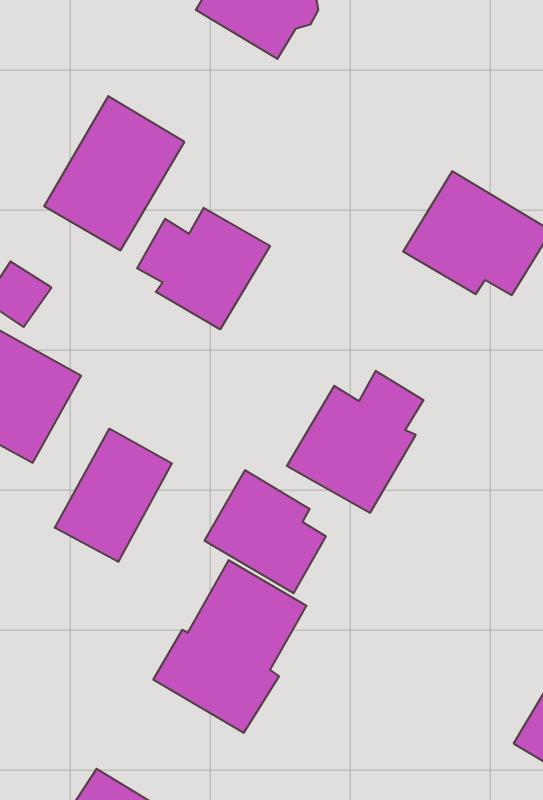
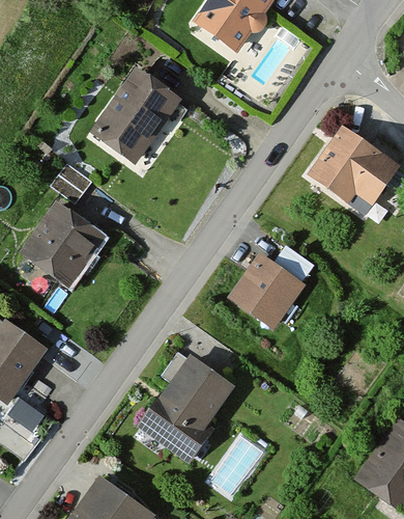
building: [137,208,270,329] -> none
building: [55,429,172,562] -> none
building: [205,470,326,593] -> none

